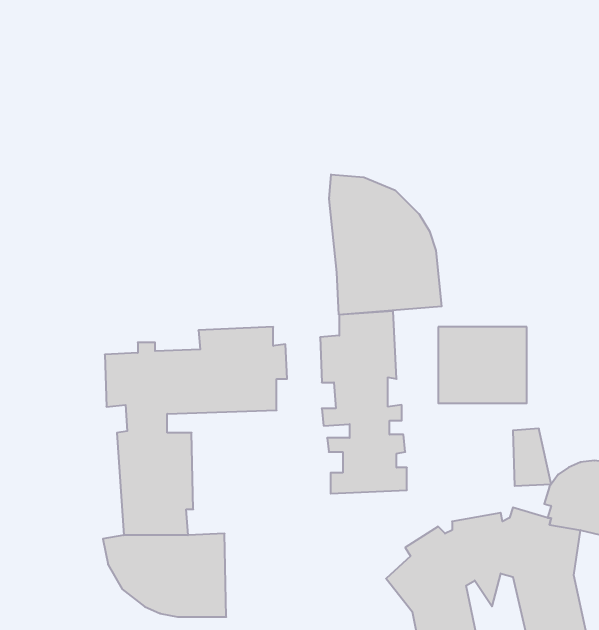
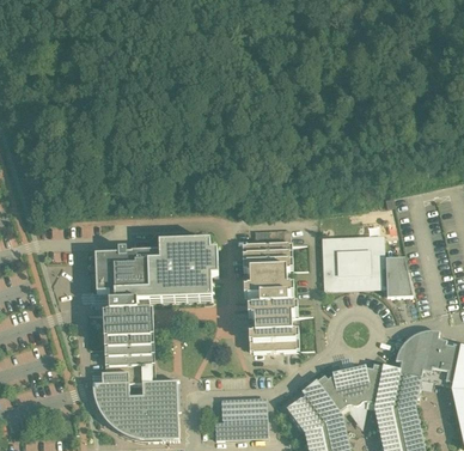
building: [329,174,442,315] -> none
building: [513,429,551,486] -> [385,256,411,295]
building: none -> [214,396,267,438]

